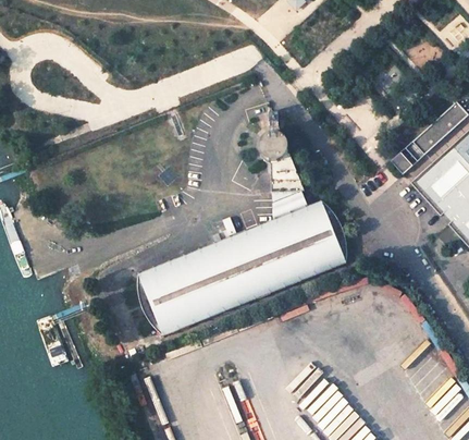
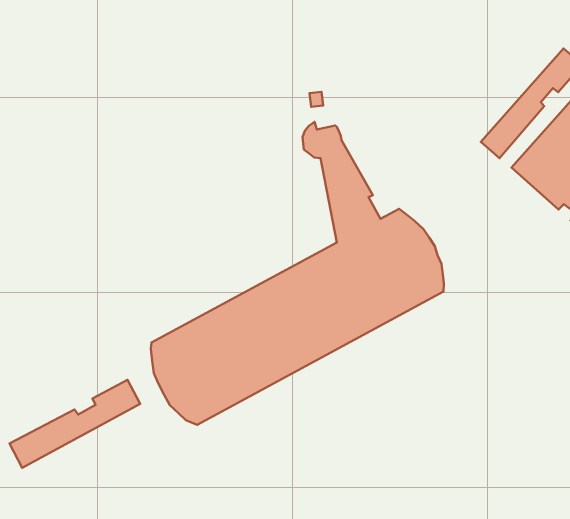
building: none -> [10,380,140,468]

